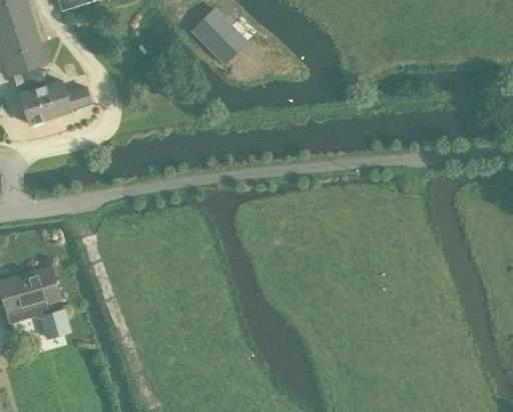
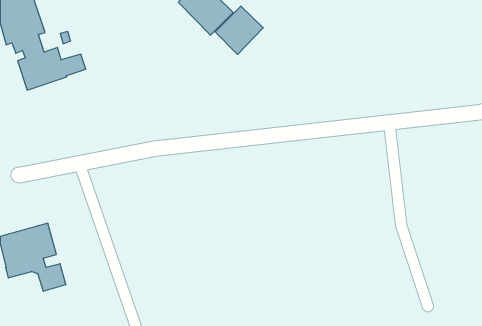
building: none -> [215,6,263,54]

